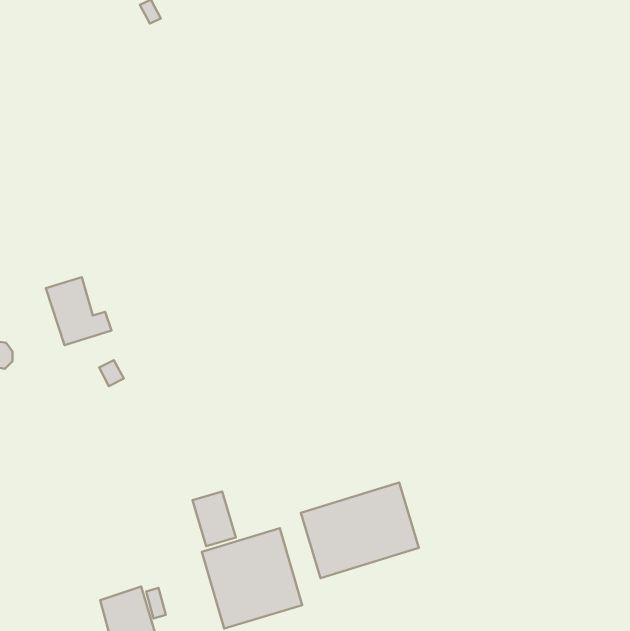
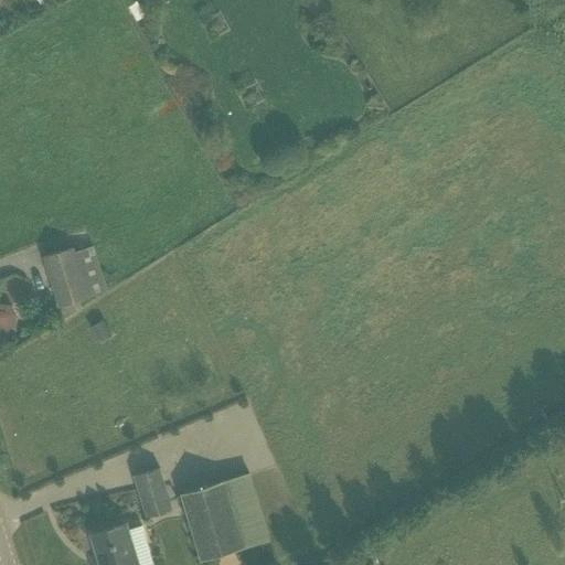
building: [301,483,419,578] -> none
building: [193,492,236,546] -> [130,471,169,520]

